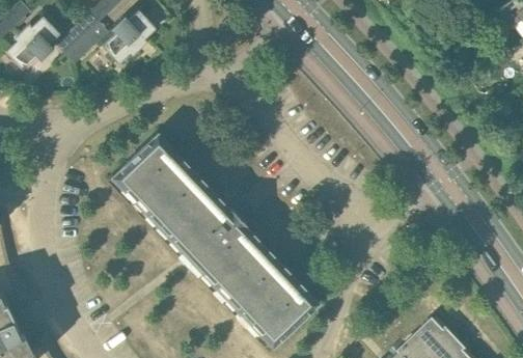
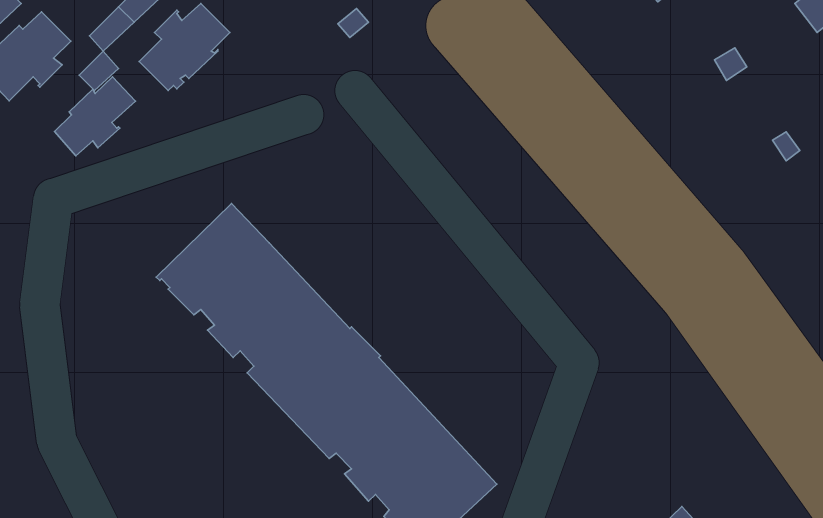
building: none -> [54,77,135,156]

